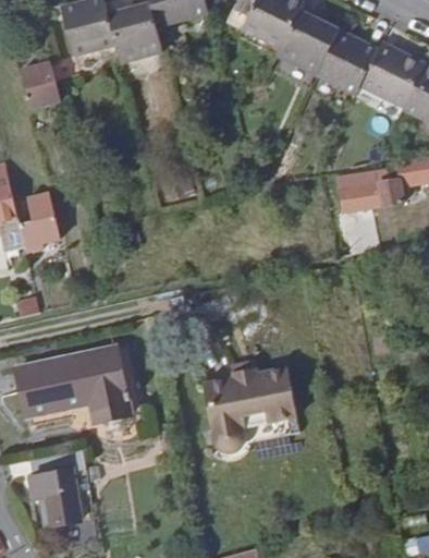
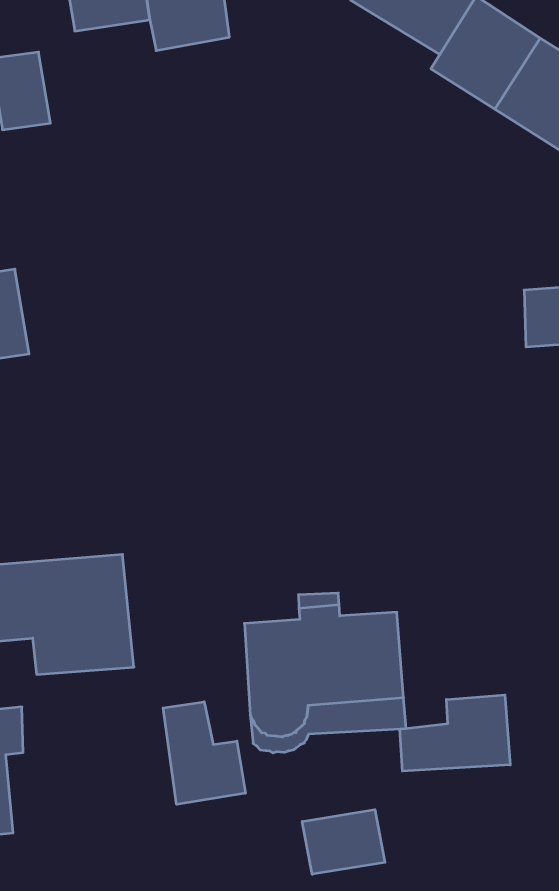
building: none -> [400,695,510,771]
building: none -> [163,702,245,804]
building: none -> [302,810,385,874]

